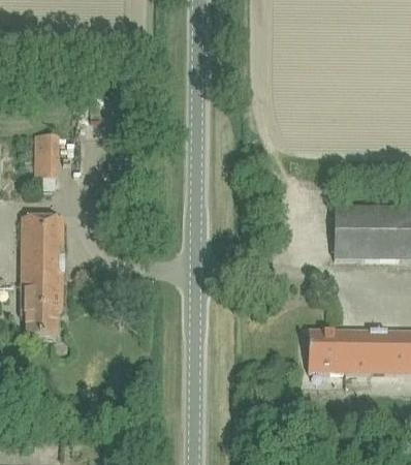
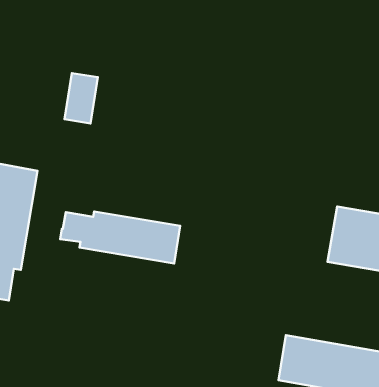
building: [34,135,58,178] -> [65,73,98,123]
building: none -> [60,211,180,264]

